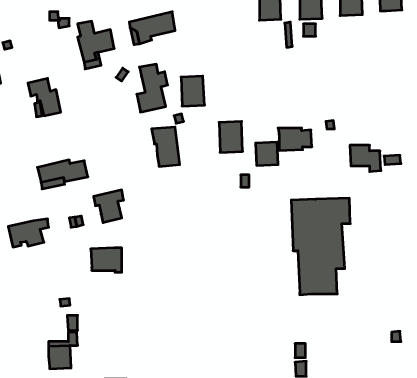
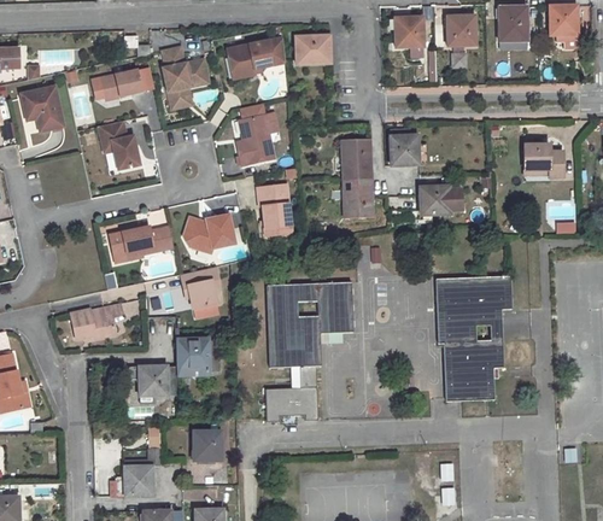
building: none -> [294,35,330,64]
building: none -> [99,71,141,100]
building: [181,76,205,106] -> [341,140,371,178]
building: [256,142,278,165] -> [390,135,418,165]
building: [350,145,381,172] -> [523,144,563,177]
building: none -> [183,216,235,250]
building: none -> [265,282,353,421]
building: none -> [123,365,180,396]
building: none -> [193,432,221,461]

